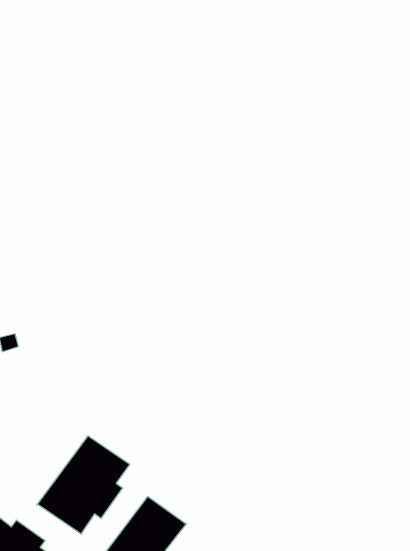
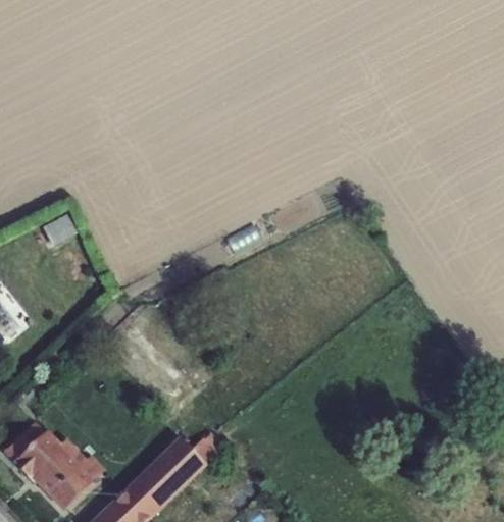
building: [37,436,130,534] -> none

